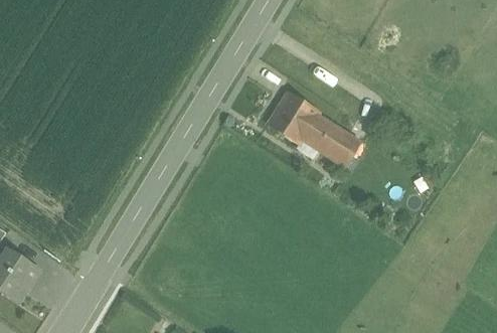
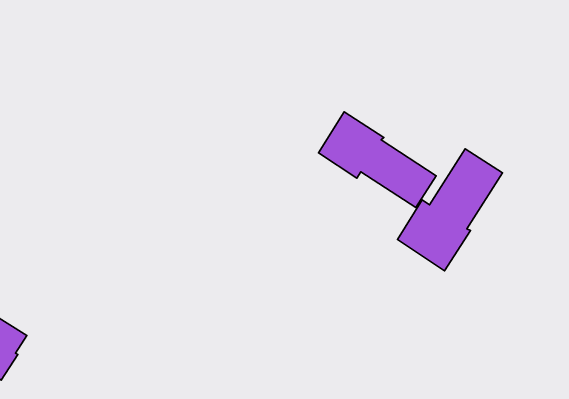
building: none -> [398,149,503,271]

